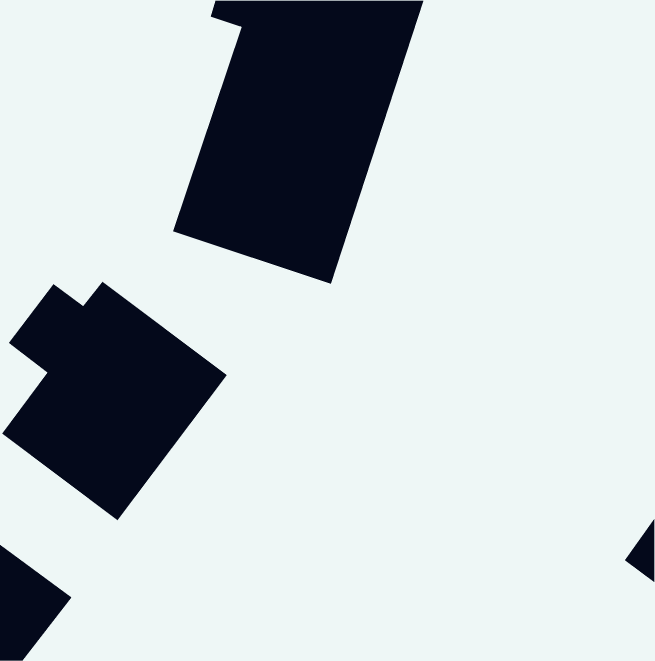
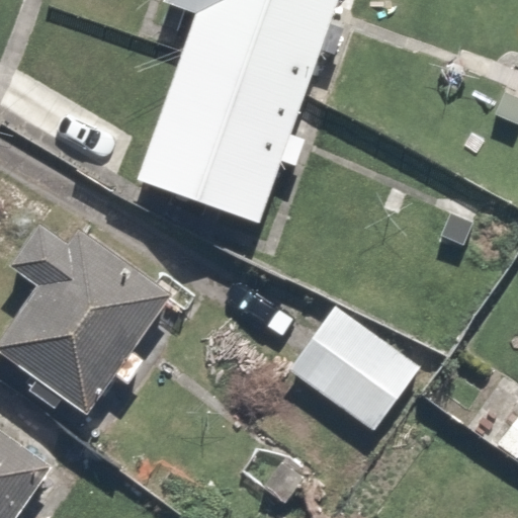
building: none -> [282,306,424,441]

